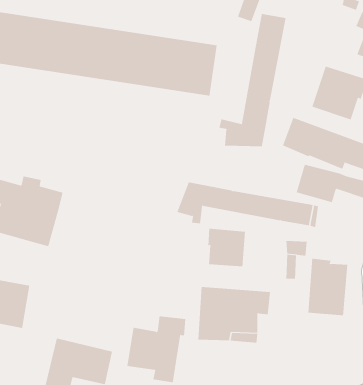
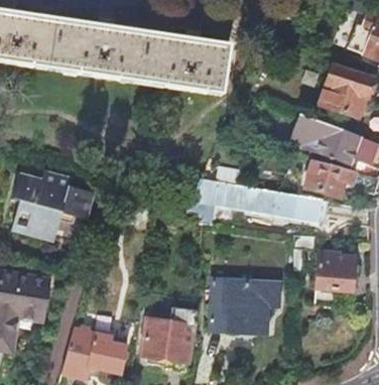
building: [219,13,286,147] -> none
building: [208,228,246,267] -> none

